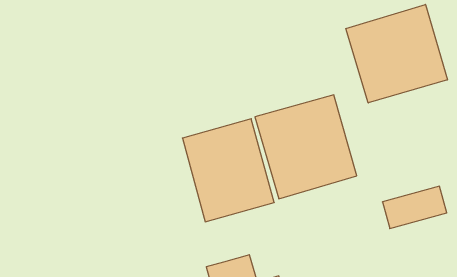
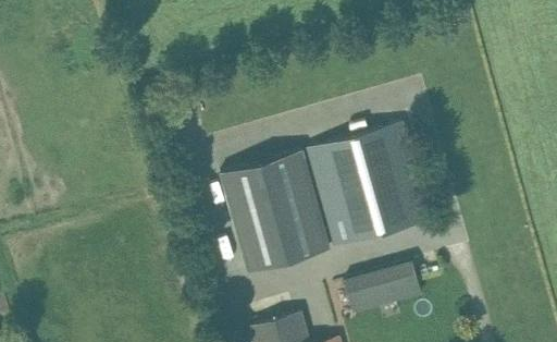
building: [346,4,447,103] -> none
building: [382,186,447,229] -> [346,262,422,313]

